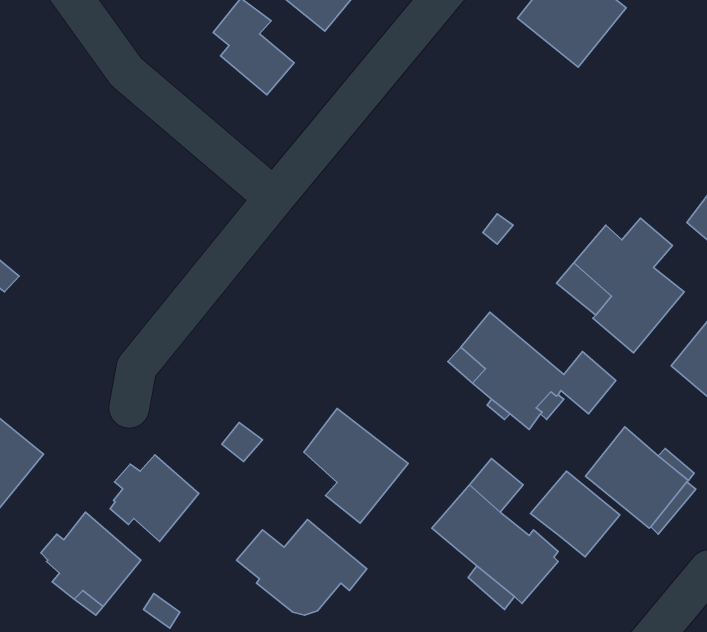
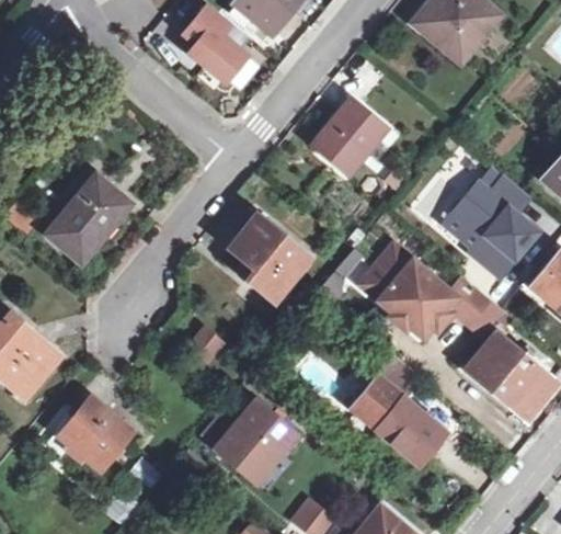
building: none -> [314,101,385,173]
building: none -> [45,174,126,264]
building: [304,409,408,523] -> [230,215,309,302]
building: [110,455,199,542] -> none
building: [531,471,620,557] -> none

